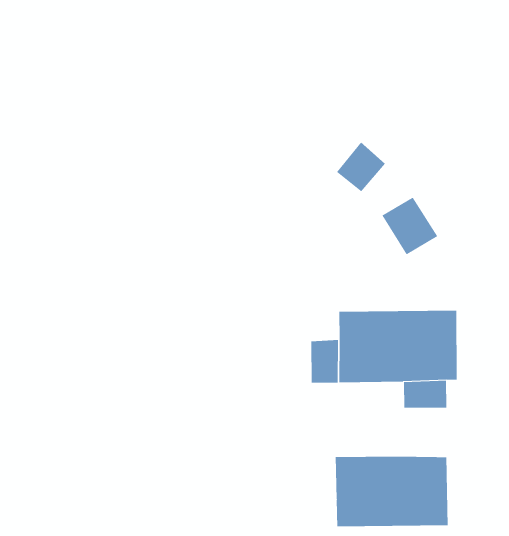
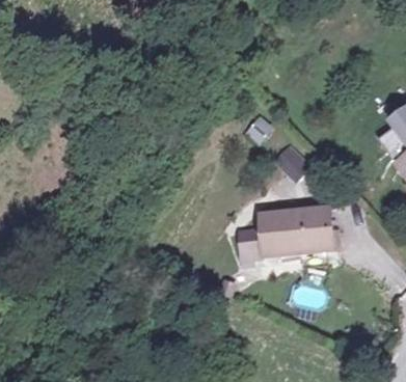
building: [335,456,448,527] -> none

